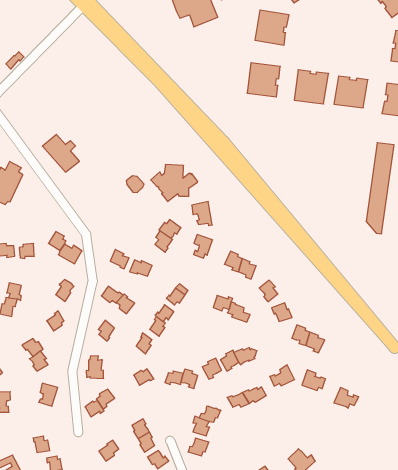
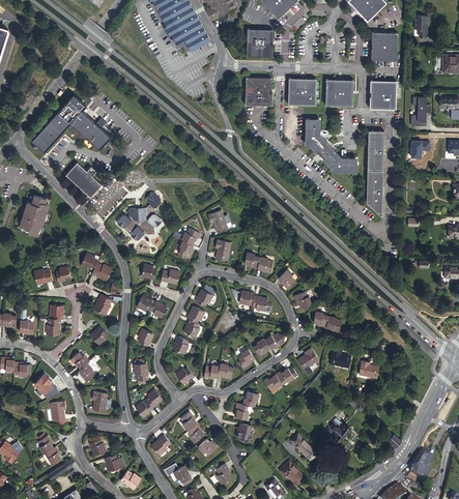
building: none -> [30,94,109,152]
building: none -> [306,123,356,177]
building: [151,165,198,201] -> [119,206,162,240]

